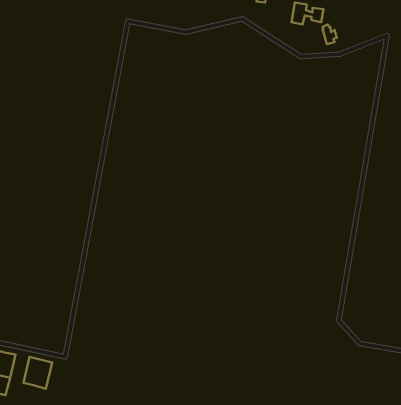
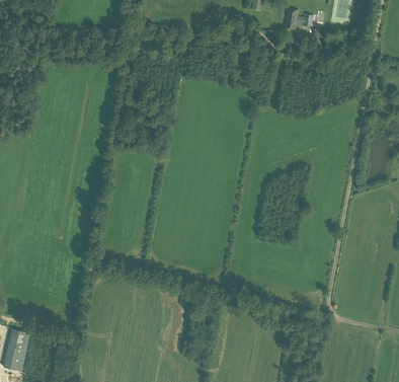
building: [23,357,52,389] -> none

